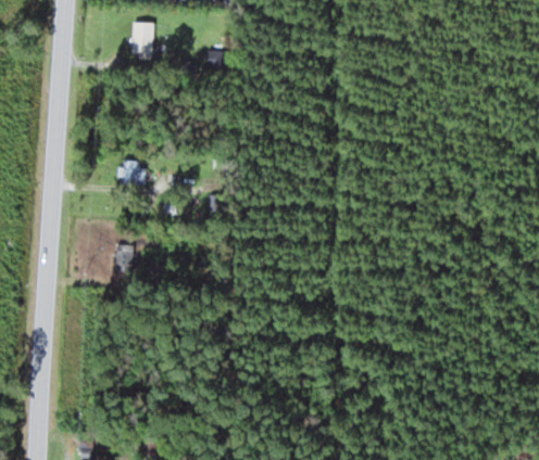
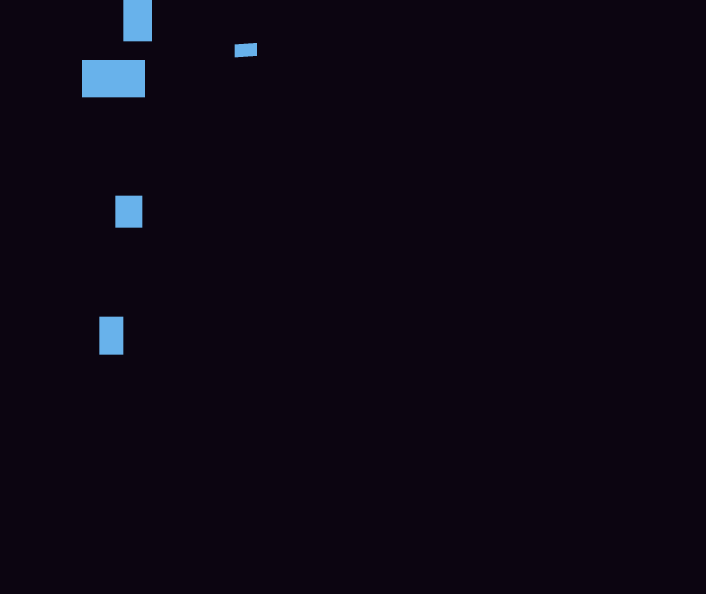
building: none -> [81,59,146,98]

